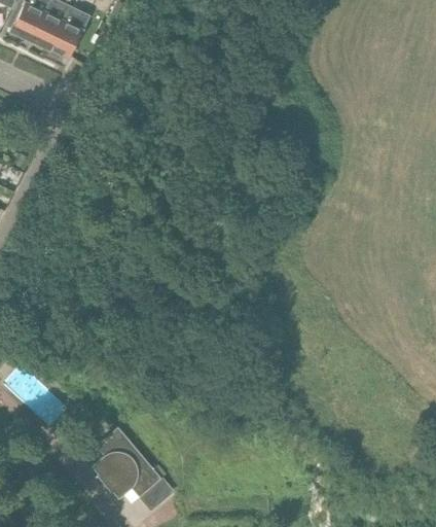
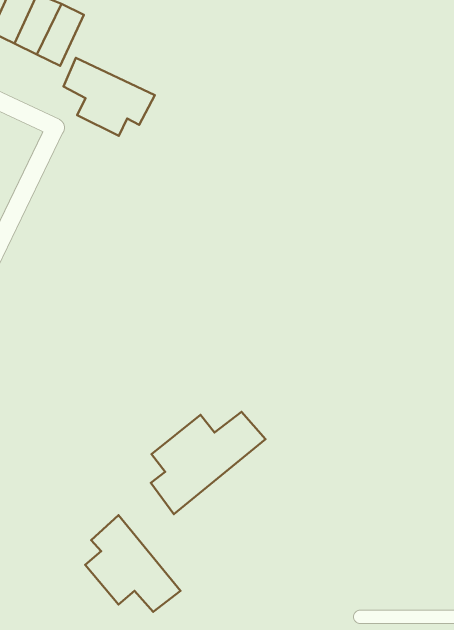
building: none -> [63,58,155,136]
building: none -> [151,412,265,514]

